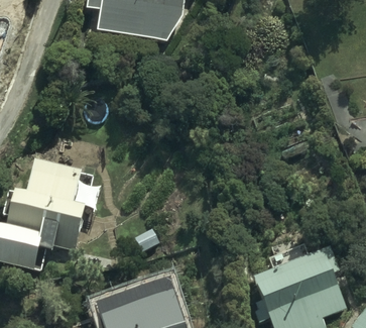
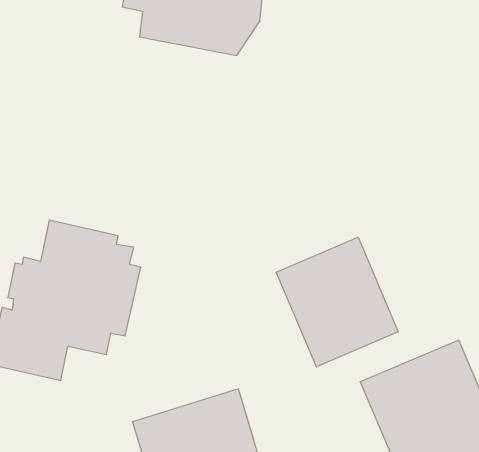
building: none -> [276,237,398,367]

